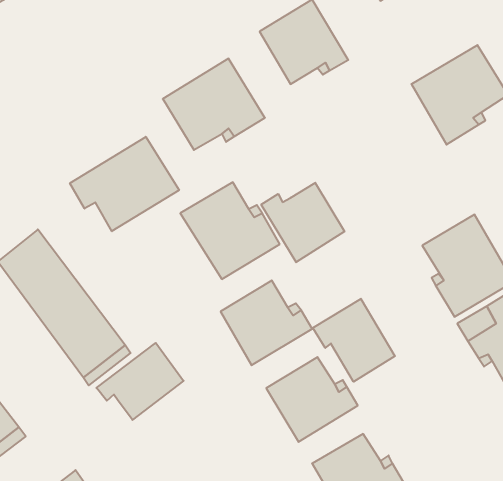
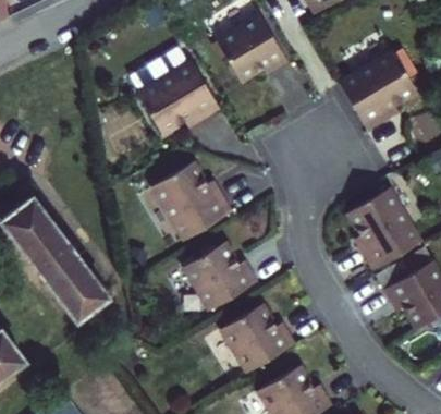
building: [70,137,179,231] -> none
building: [261,183,344,262] -> none
building: [313,299,395,382] -> none
building: [96,343,184,420] -> none

